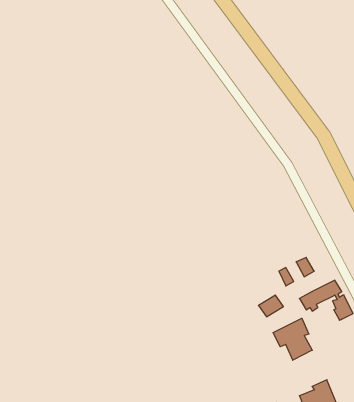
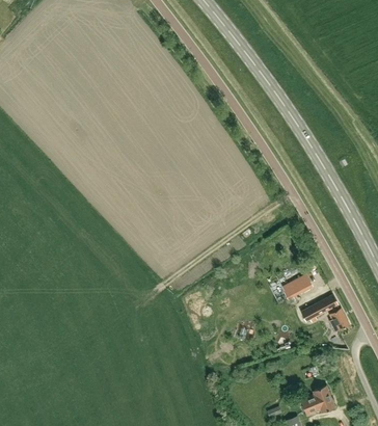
building: [273,318,312,360] -> none

